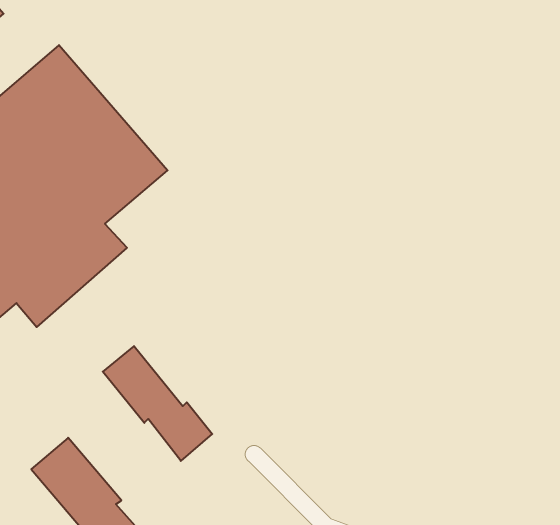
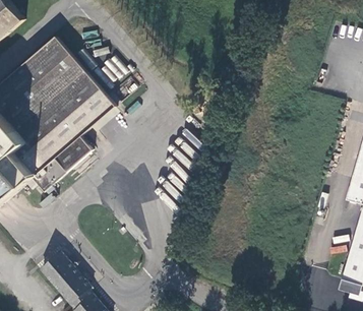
building: [103,346,212,461] -> none

